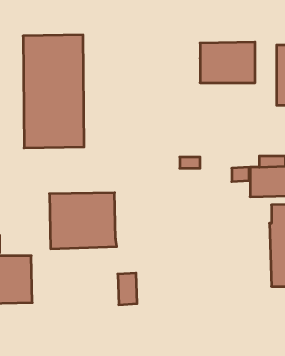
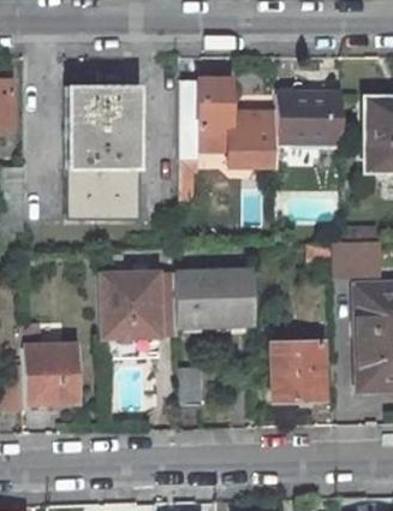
building: none -> [180,81,276,166]
building: none -> [175,269,255,326]
building: none -> [272,341,323,400]

